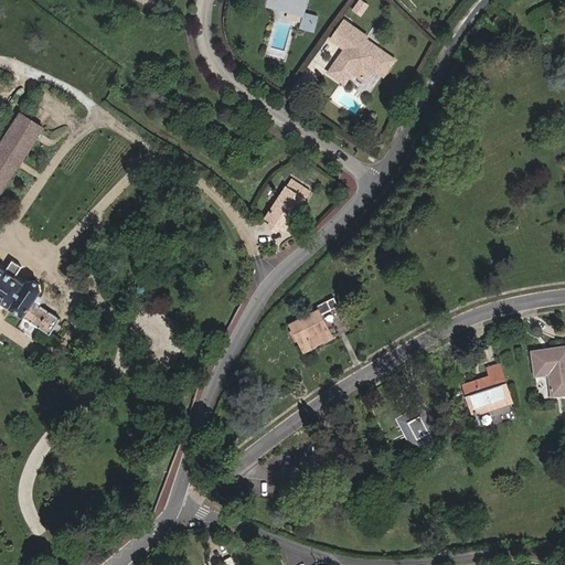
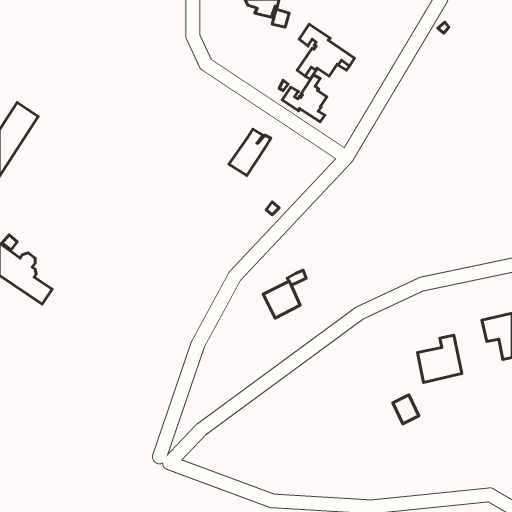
building: none -> [282,75,327,122]
building: [264,178,310,228] -> [229,129,271,175]
building: [399,411,428,443] -> [393,395,419,424]

